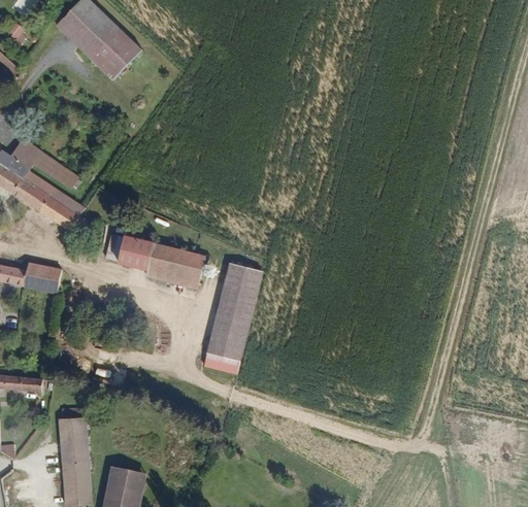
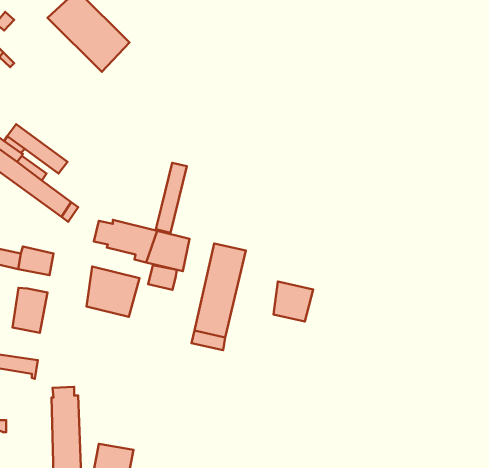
building: none -> [156,163,187,233]
building: none -> [148,265,177,290]
building: none -> [86,267,140,317]
building: none -> [274,282,313,322]
building: none -> [13,288,47,333]

